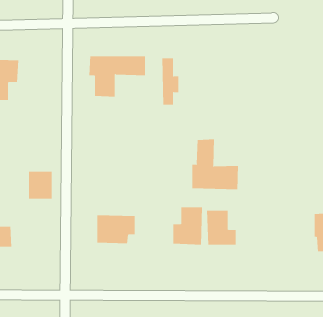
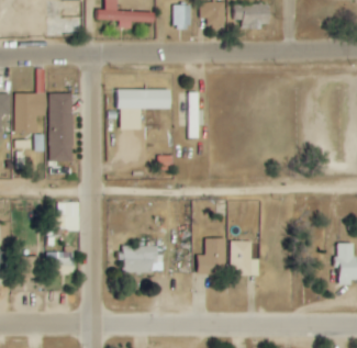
building: none -> [48,93,72,161]
building: [192,139,239,190] -> none
building: none -> [46,248,76,273]

